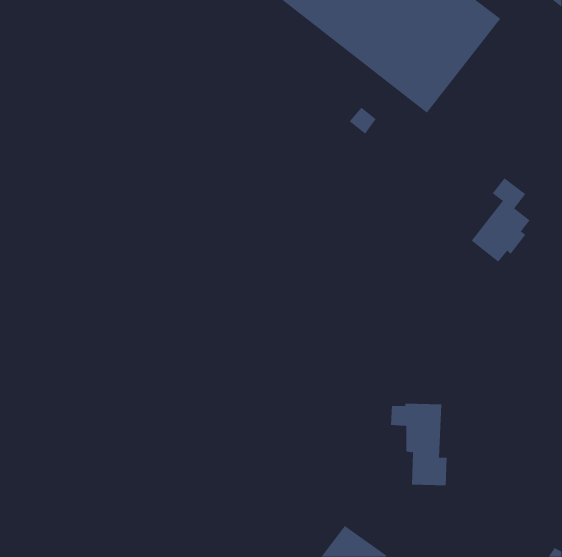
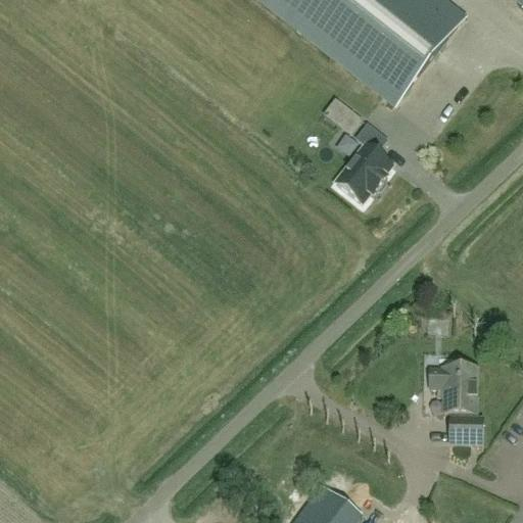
building: [471,178,531,263] -> [335,124,390,202]
building: [390,403,448,486] -> [428,367,481,443]

